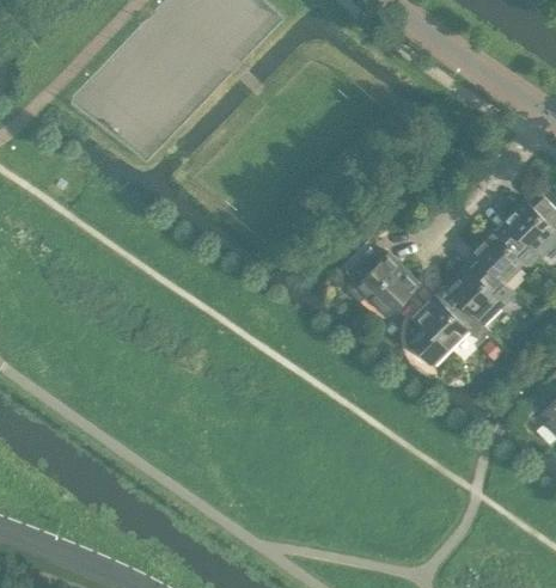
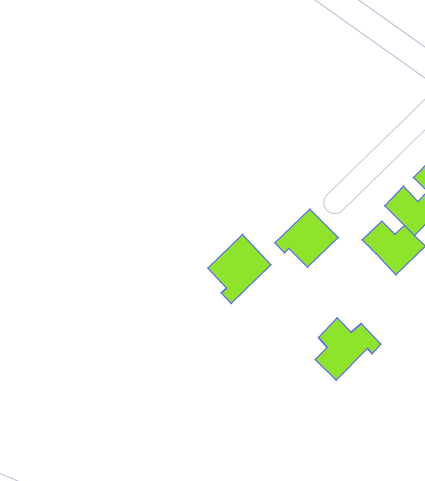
building: none -> [208,235,271,303]
building: [411,296,483,365] -> [315,318,381,380]

